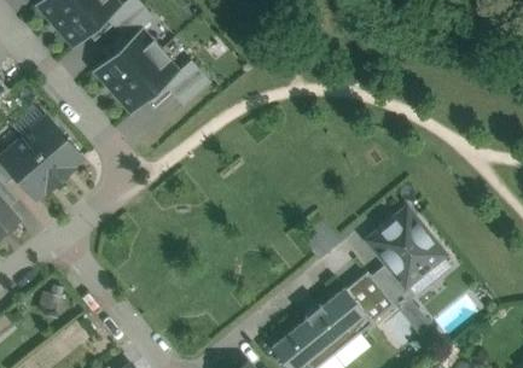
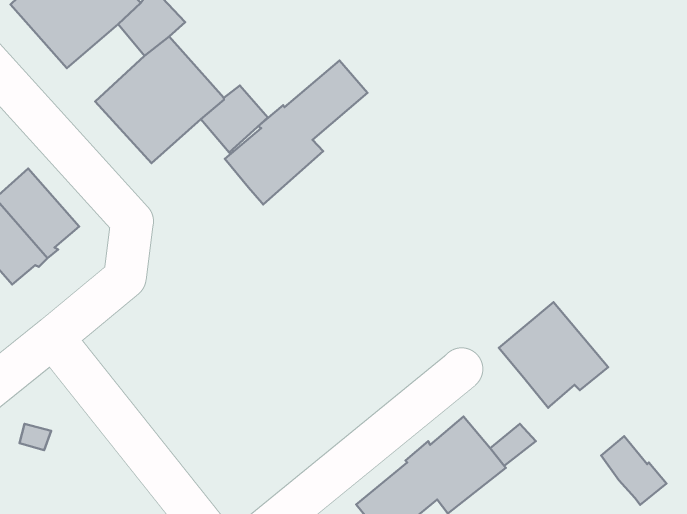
building: none -> [225,60,367,205]
building: [371,263,416,310] -> [601,436,666,505]

